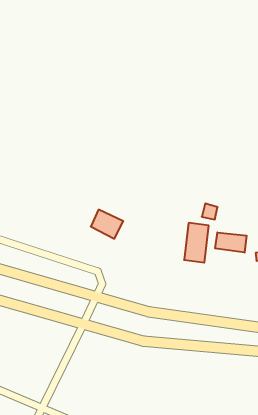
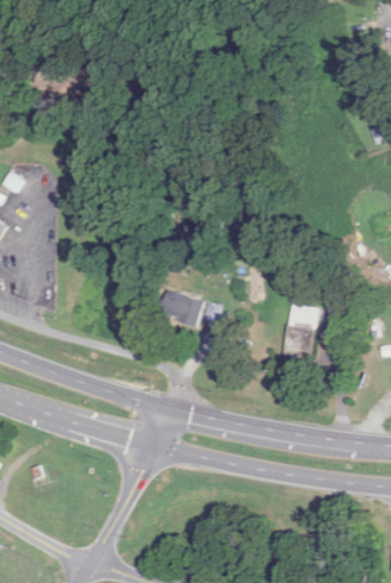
building: [215,232,247,253] -> none

